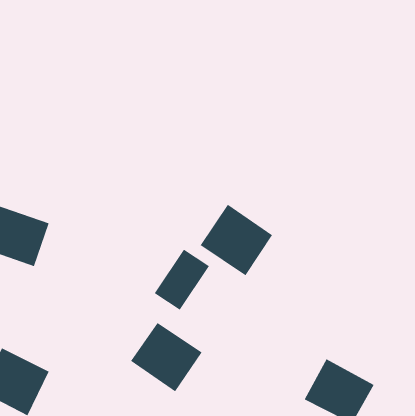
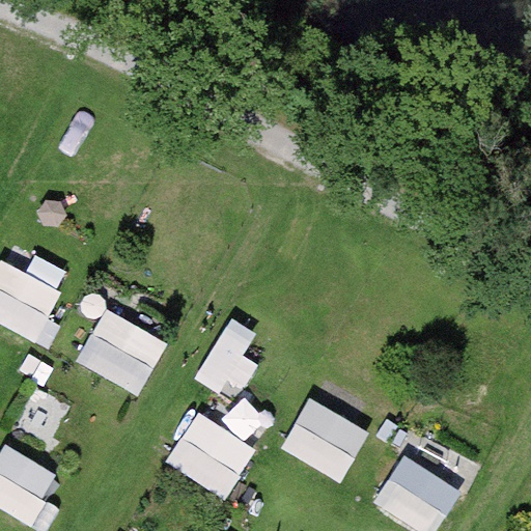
building: [200,204,273,276] -> none
building: none -> [74,308,166,397]
building: none -> [279,397,368,483]

